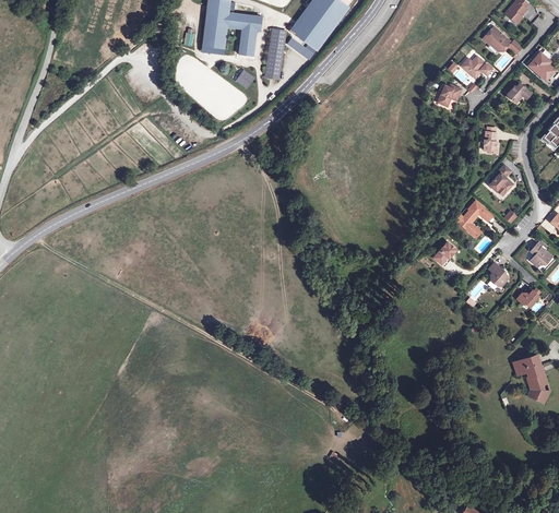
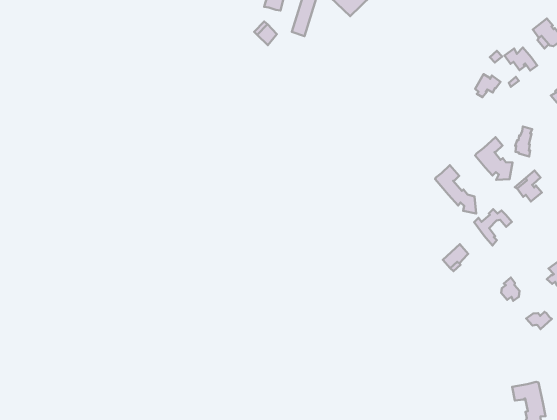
building: none -> [475,137,513,180]
building: none -> [435,165,476,213]

